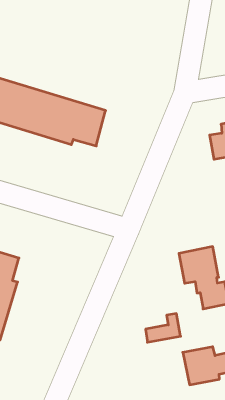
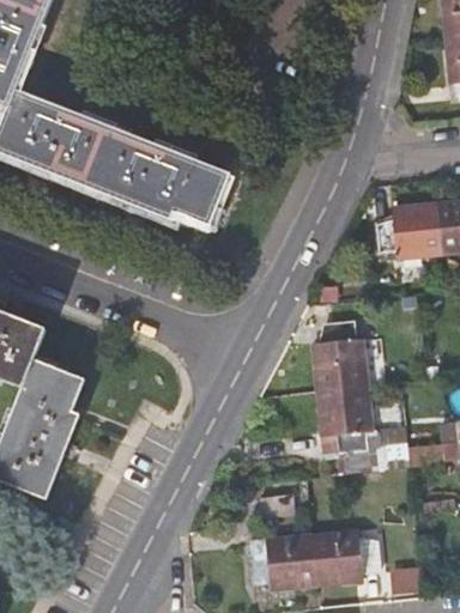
building: none -> [313,322,368,390]
building: none -> [248,535,317,588]

